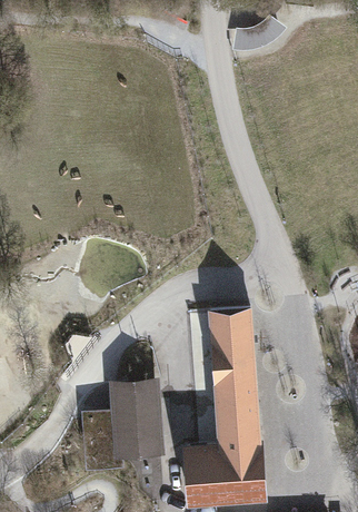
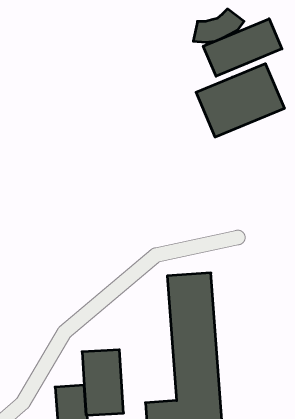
building: none -> [203,19,282,76]
building: none -> [196,64,284,137]

